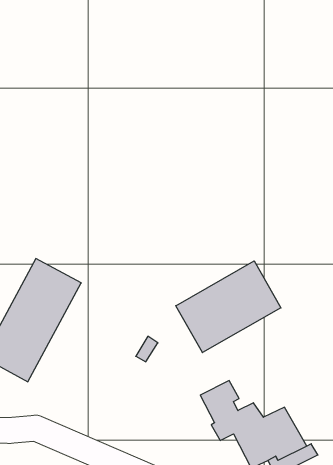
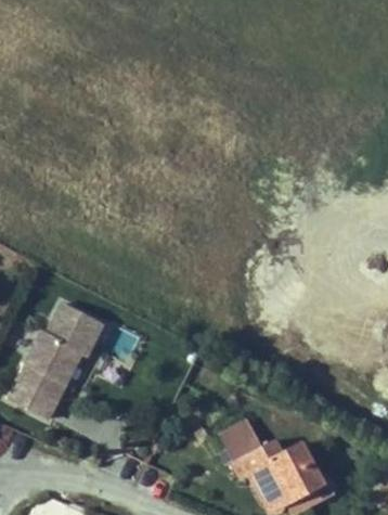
building: [176,261,281,353] -> none

